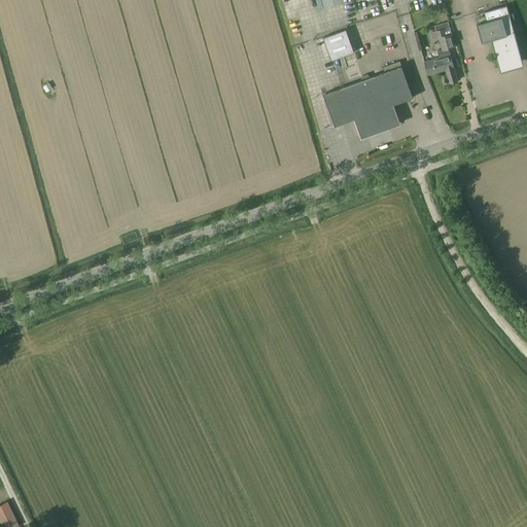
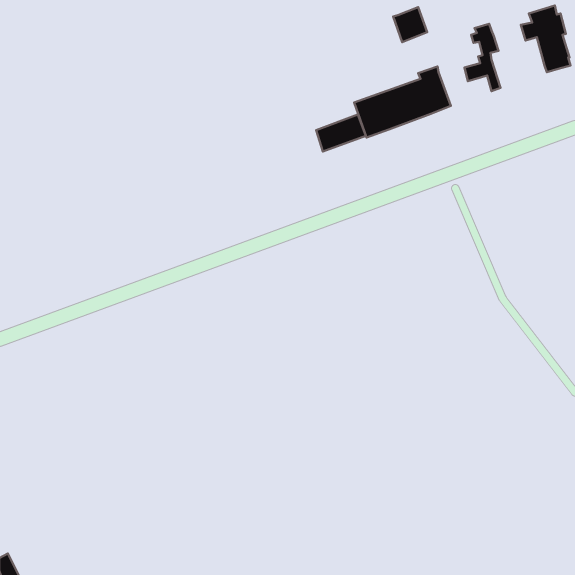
building: [322,30,353,62] -> [393,7,427,42]
building: [355,105,400,139] -> [316,114,366,152]

